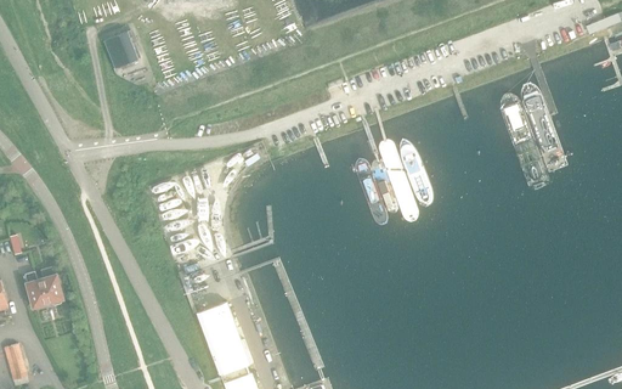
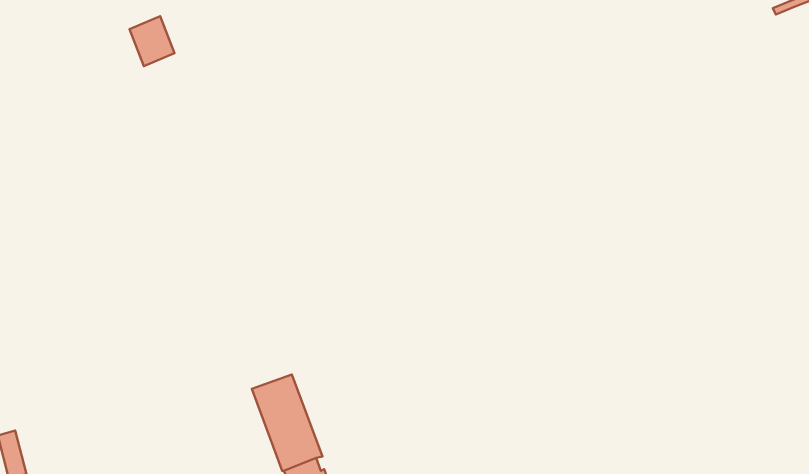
building: [24,271,63,308] -> none

